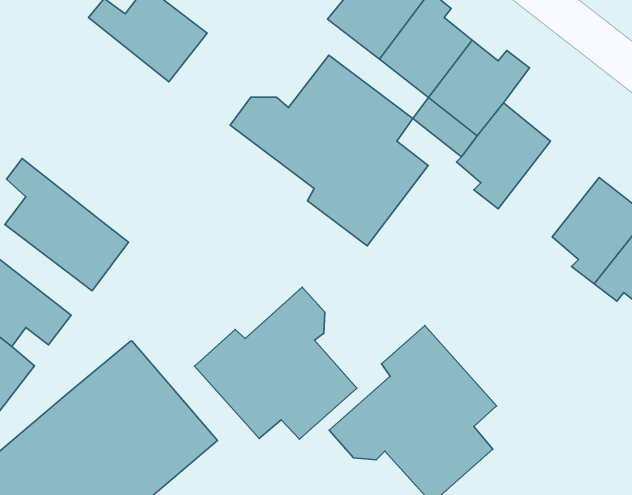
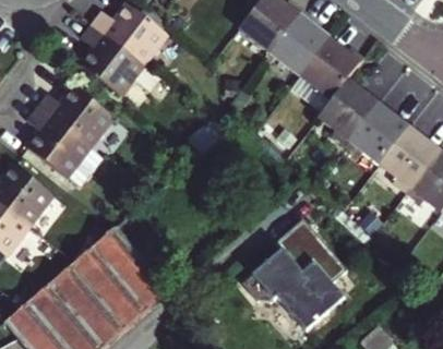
building: none -> [79,25,140,96]
building: [230,55,428,246] -> none
building: none -> [48,93,123,155]
building: none -> [346,103,409,163]
building: [194,287,357,439] -> none

